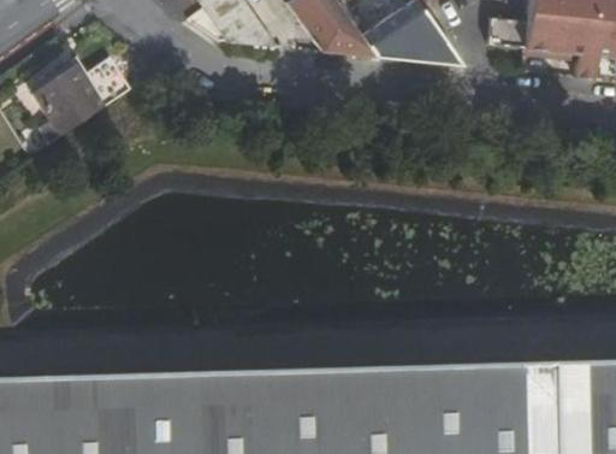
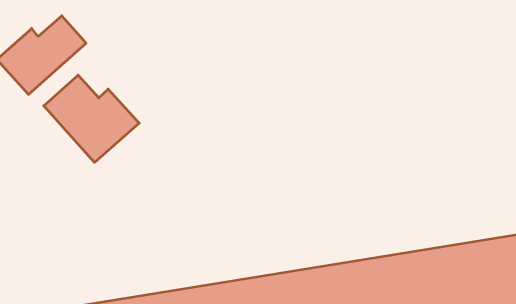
building: none -> [44,75,139,162]

